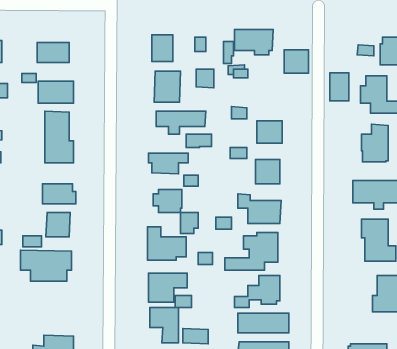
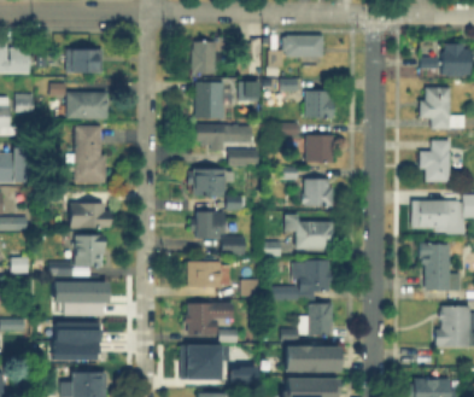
building: [284,50,309,73] -> [305,91,332,116]
building: [330,73,349,101] -> none
building: none -> [48,319,95,357]

